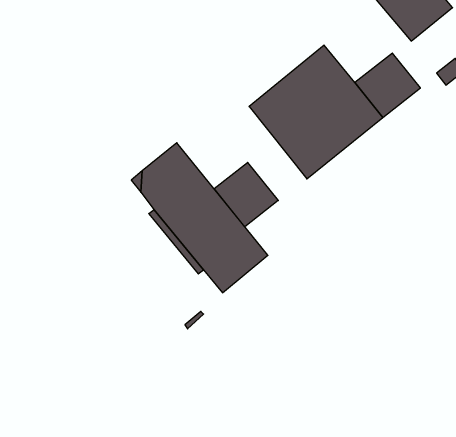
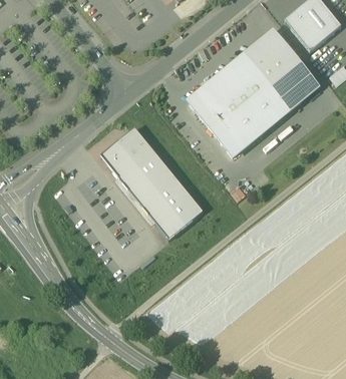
building: none -> [245,31,296,81]
building: [214,162,278,227] -> none

